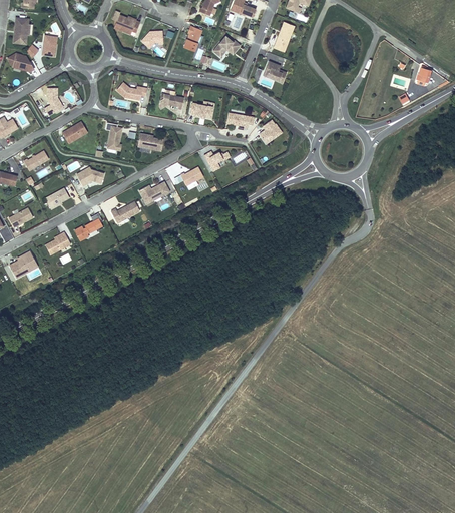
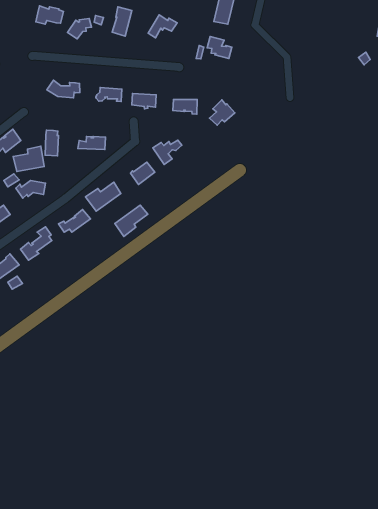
building: none -> [13,146,44,171]
building: none -> [115,205,148,237]

